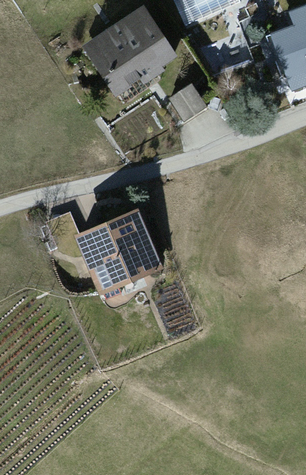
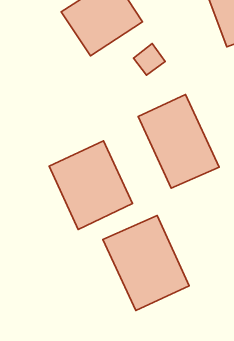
building: none -> [138,95,219,188]
building: none -> [103,215,189,311]

